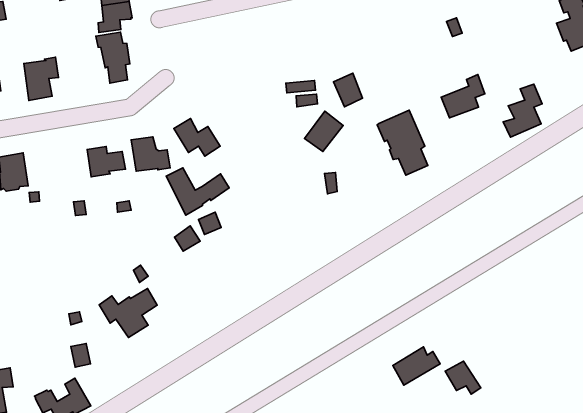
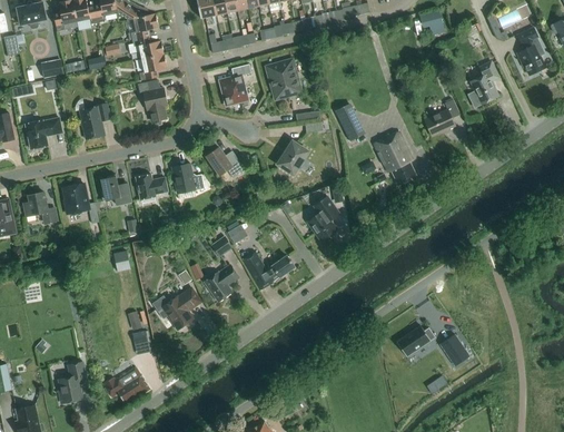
building: none -> [266,59,300,99]
building: none -> [220,63,251,105]
building: [503,84,542,137] -> [467,61,498,106]
building: [304,111,343,152] -> [277,140,308,174]
building: none -> [100,174,131,204]
building: [166,168,229,215] -> [241,252,294,291]
building: none -> [306,196,338,240]
building: none -> [204,264,238,302]

